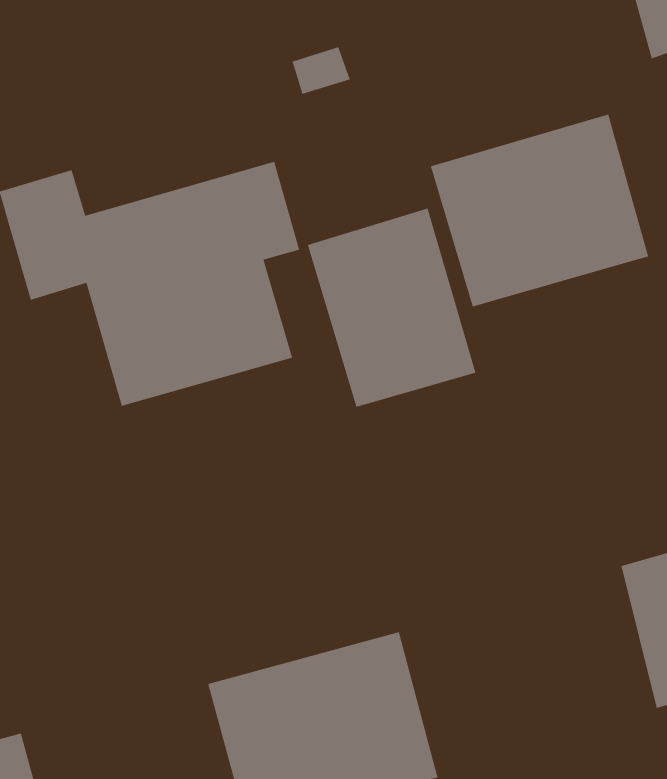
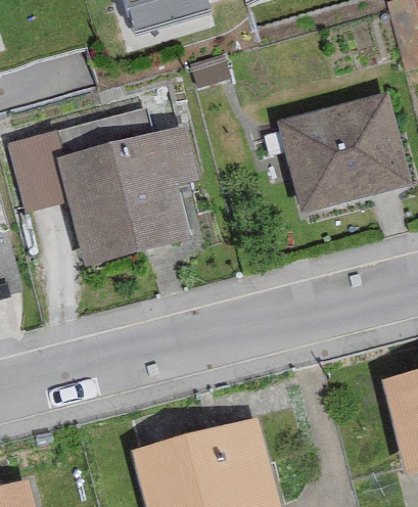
building: [307,208,477,408] -> none

